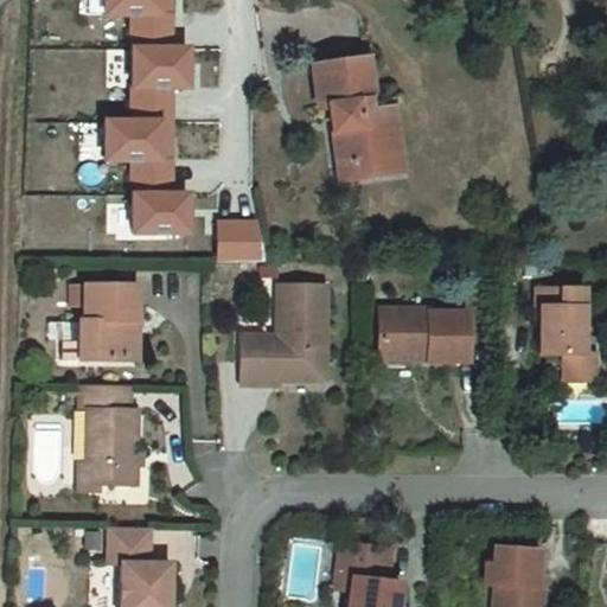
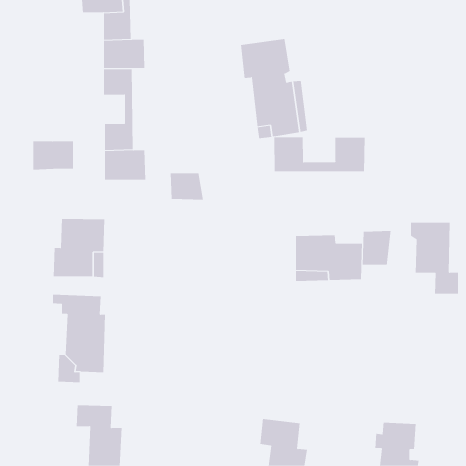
building: [109,123,162,161] -> [33,141,74,170]
building: none -> [274,136,365,172]
building: [244,288,331,391] -> none
building: none -> [362,230,391,265]

